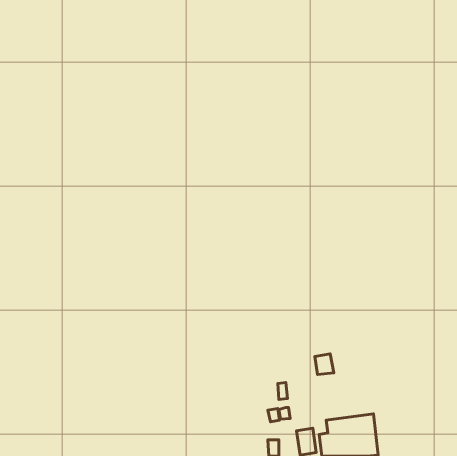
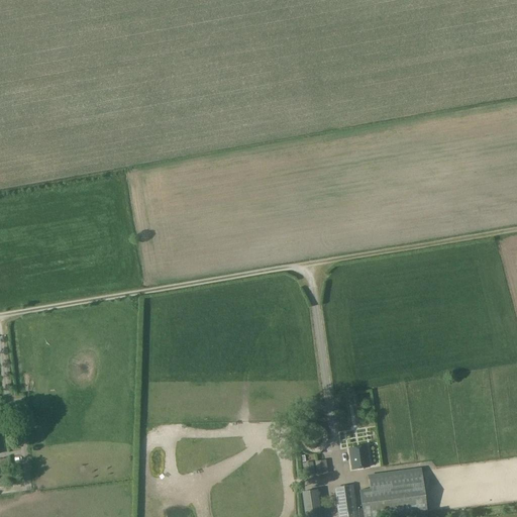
building: [315,354,334,374] -> [349,444,371,468]

